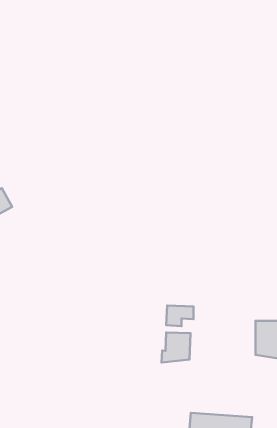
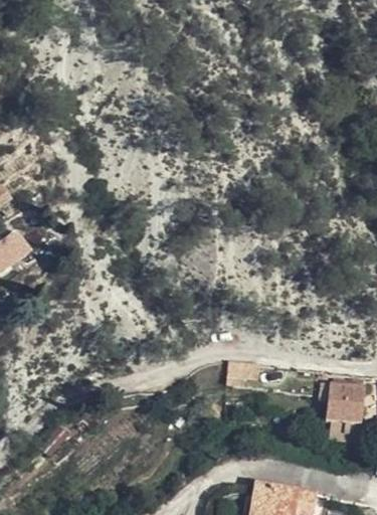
building: [162,332,190,362] -> none

